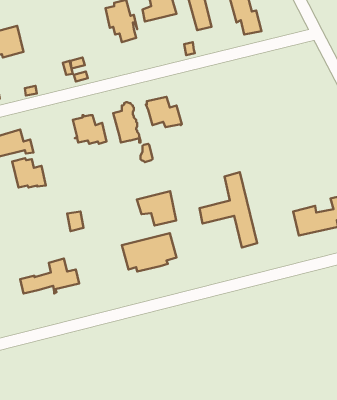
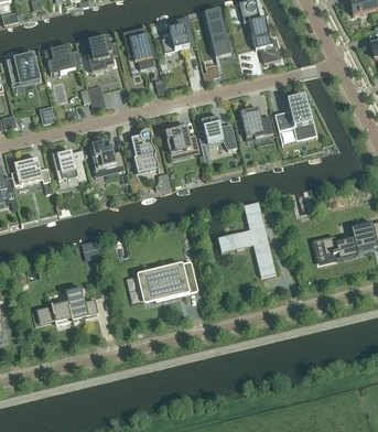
building: none -> [82,35,118,73]
building: none -> [46,45,82,74]
building: none -> [273,96,315,138]
building: none -> [239,107,272,138]
building: none -> [199,116,236,164]
building: [12,158,46,188] -> [51,151,85,181]
building: [137,191,176,225] -> none

